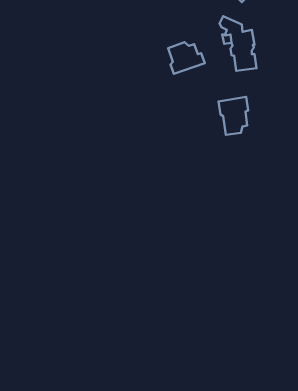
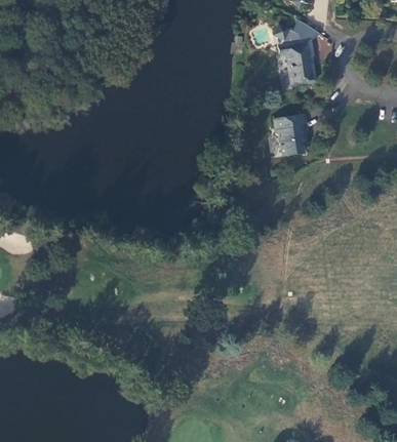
building: [168,42,205,74] -> none

